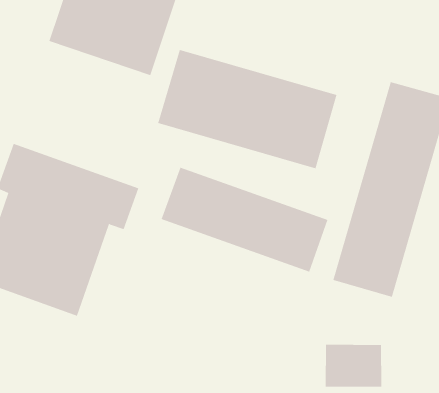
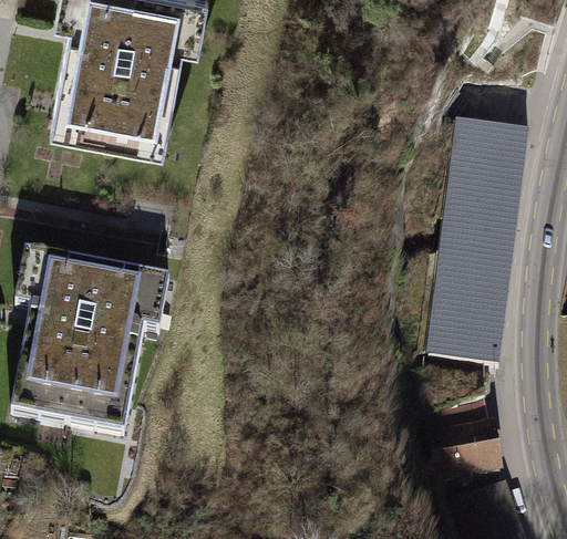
building: [157,49,337,169] -> none
building: [161,167,328,272] -> none

